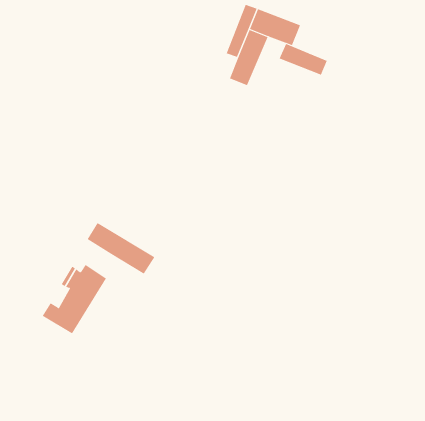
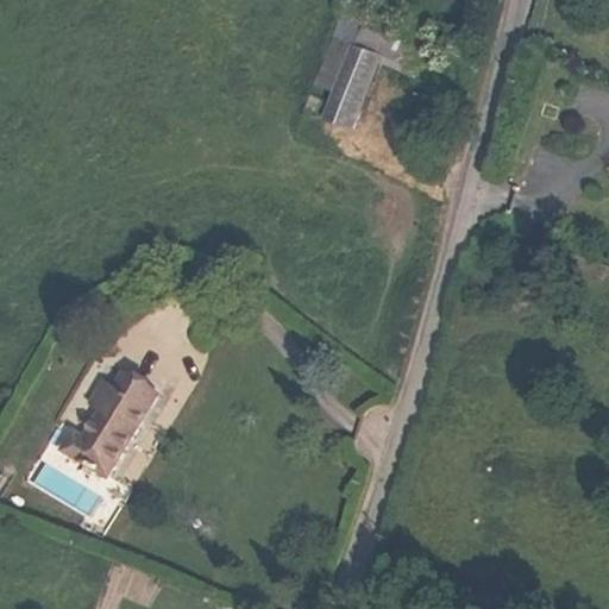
building: [279,43,327,76] -> none
building: [87,222,155,275] -> none

